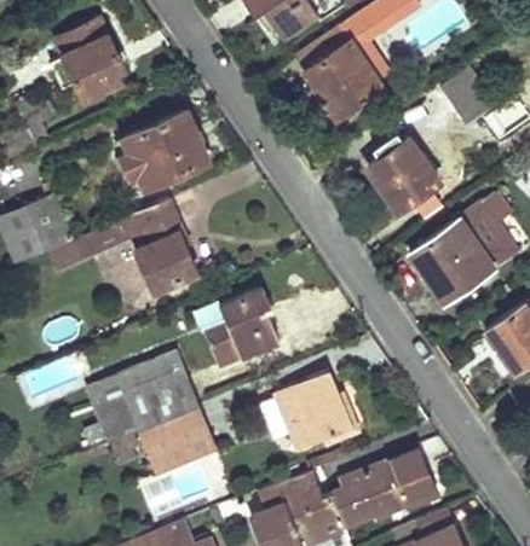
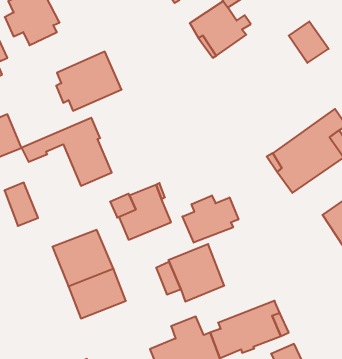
building: [365,139,437,211] -> none
building: none -> [182,195,238,243]
building: [91,382,137,441] -> [4,183,38,226]

